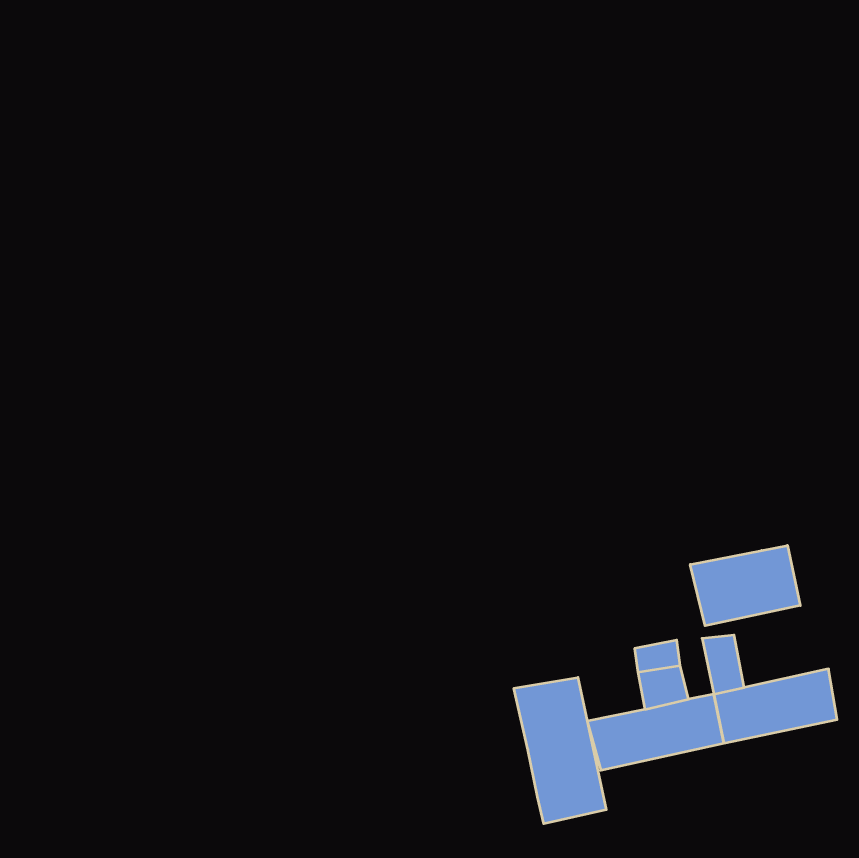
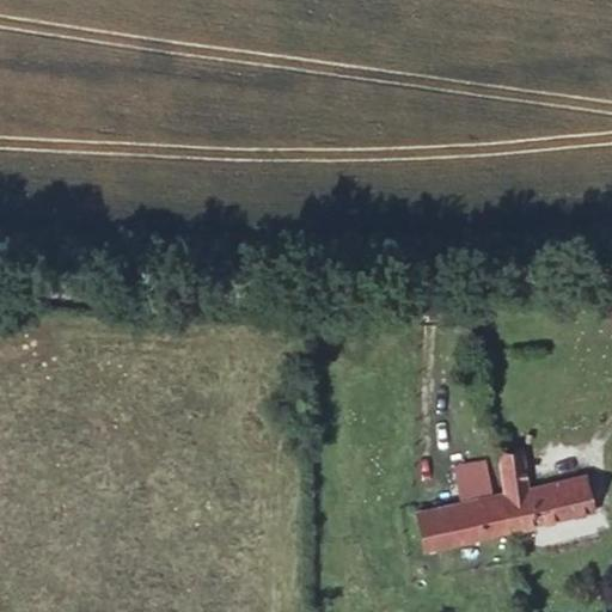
building: [690,545,800,626] -> none
building: [514,677,606,824] -> none

